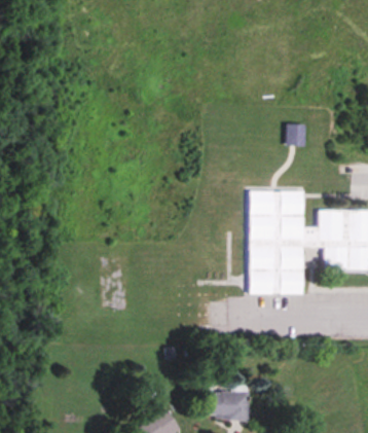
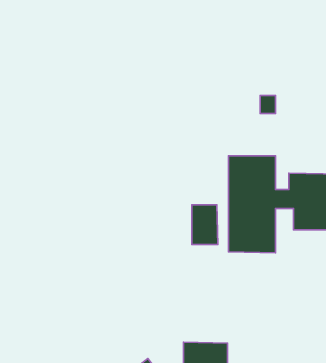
building: none -> [192,205,218,244]

